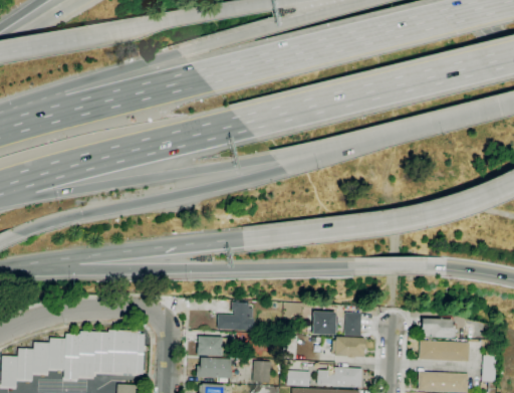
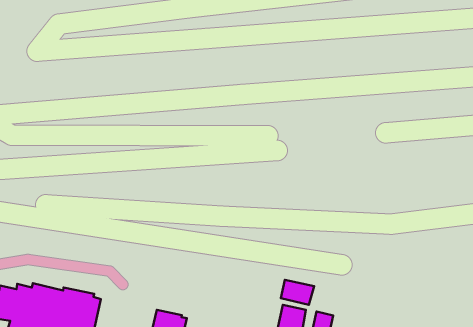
building: none -> [281,280,314,305]
building: [217,301,254,331] -> none

